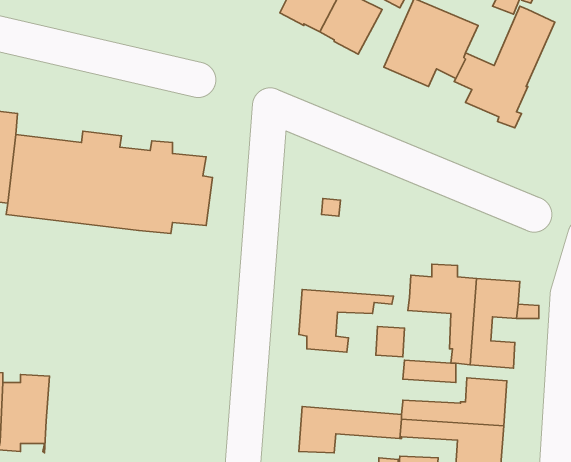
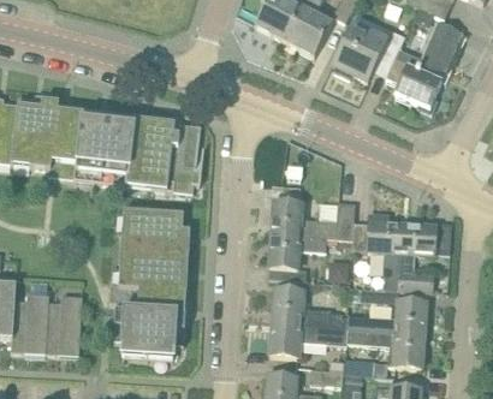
building: none -> [273,200,356,238]
building: none -> [109,203,190,352]
building: none -> [273,287,349,326]

